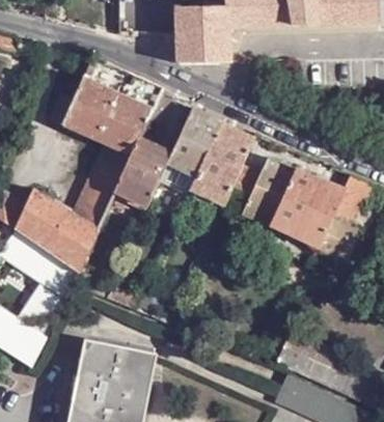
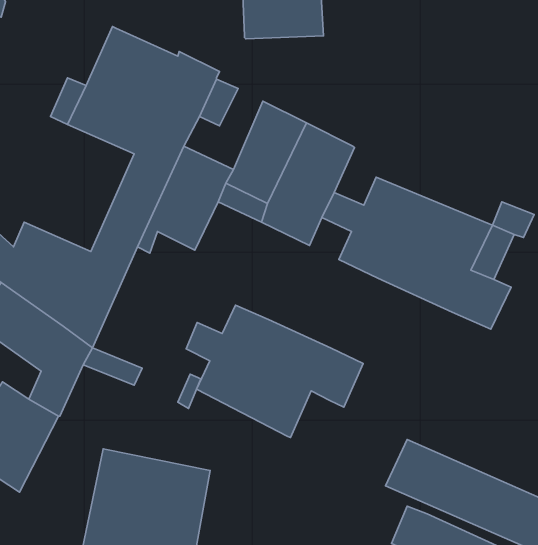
building: none -> [186,305,363,438]

